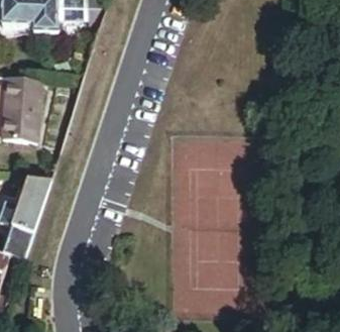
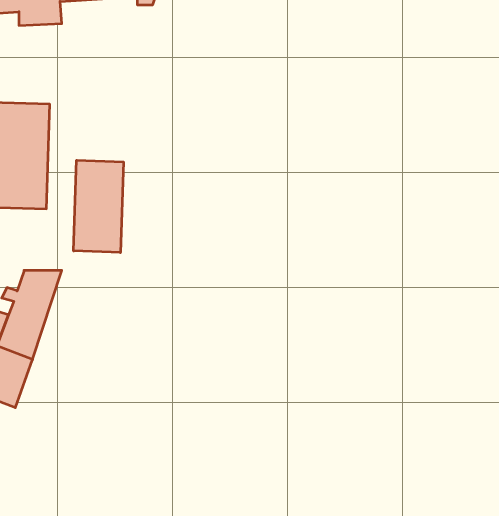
building: none -> [74,160,123,253]

